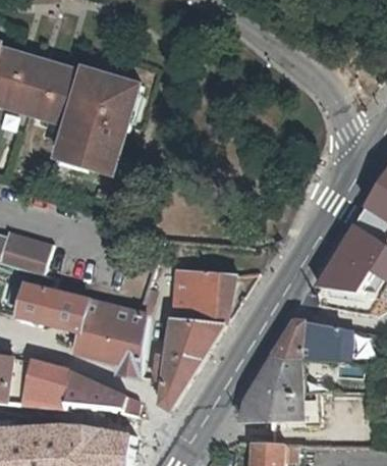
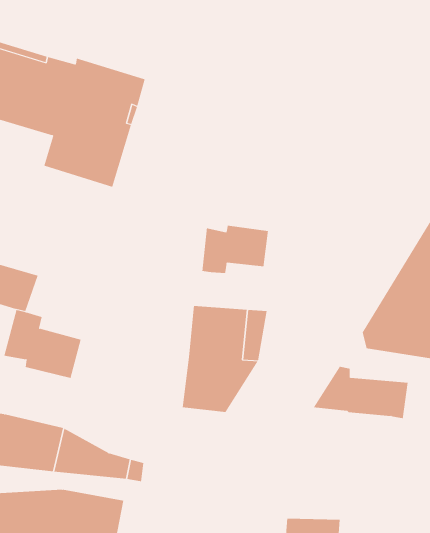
building: none -> [202,225,268,274]
building: [72,298,145,376] -> none
building: [151,352,203,409] -> none
building: [238,353,315,426] -> none

